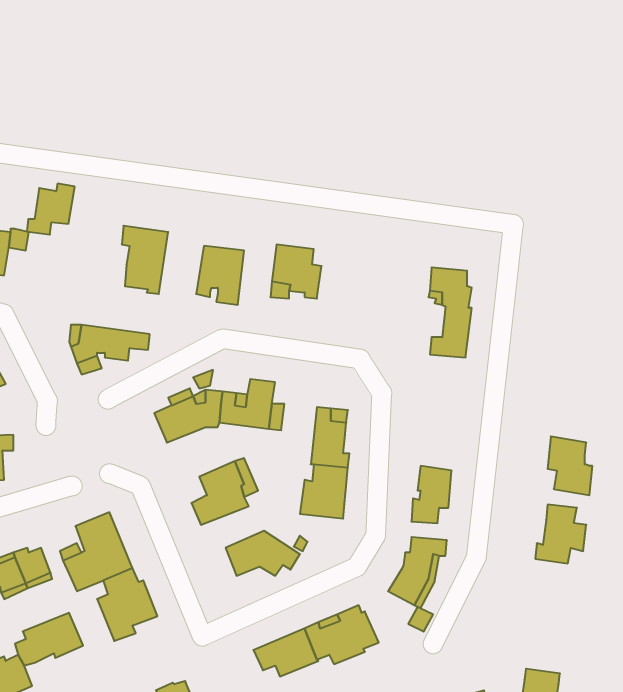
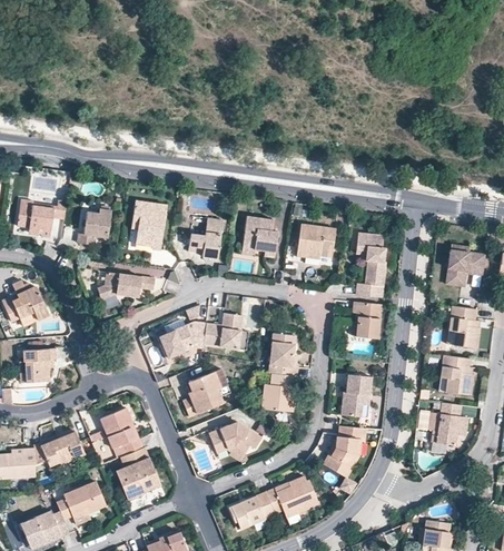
building: [27,184,75,235] -> [78,210,112,247]
building: none -> [298,225,335,257]
building: none -> [445,249,484,286]
building: none -> [352,301,381,338]
building: none -> [446,304,480,348]

